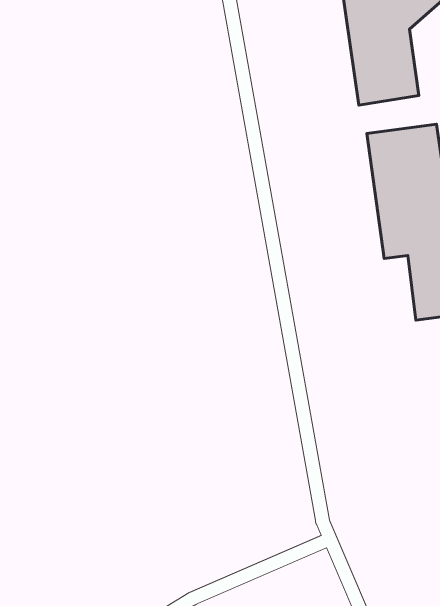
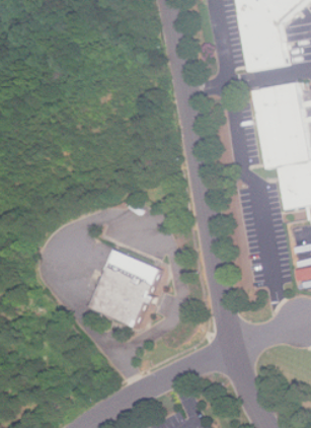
building: none -> [89,249,158,326]

